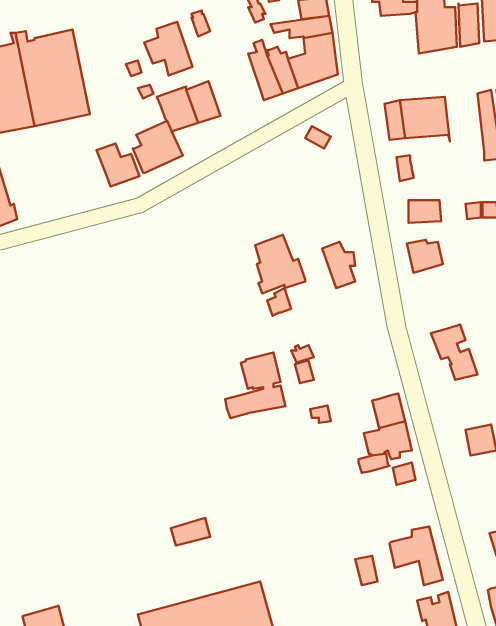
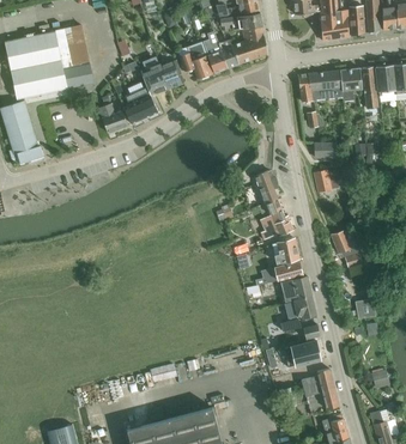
building: [144,22,193,75] -> [180,42,213,79]
building: none -> [340,68,362,102]
building: [255,235,305,293] -> [259,199,293,239]
building: [225,353,286,418] -> [261,238,303,284]
building: none -> [284,340,326,367]

